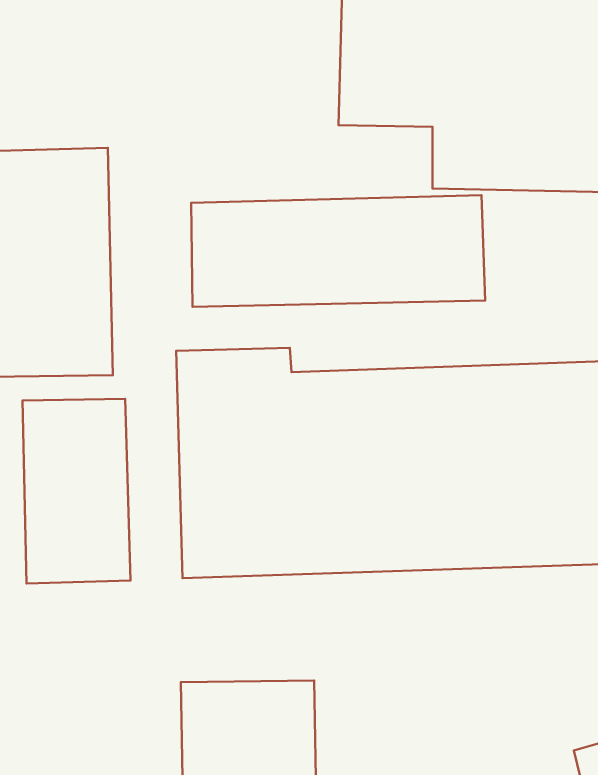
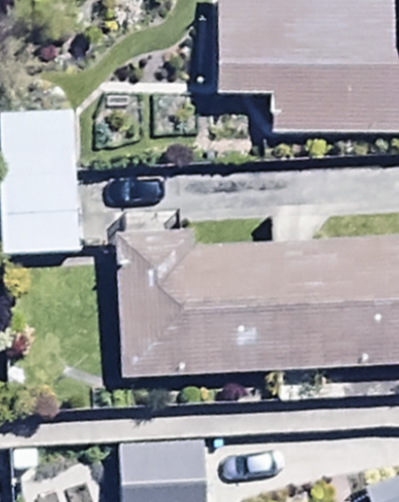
building: [191,195,485,307] -> none
building: [22,399,130,584] -> none

